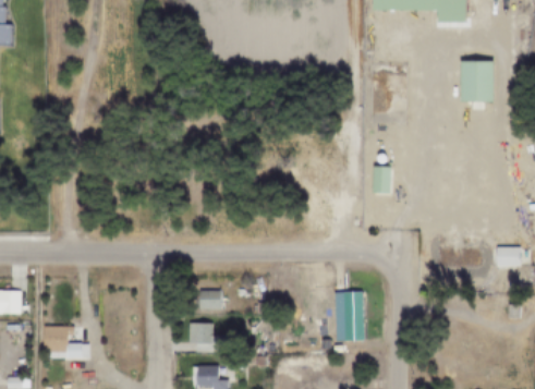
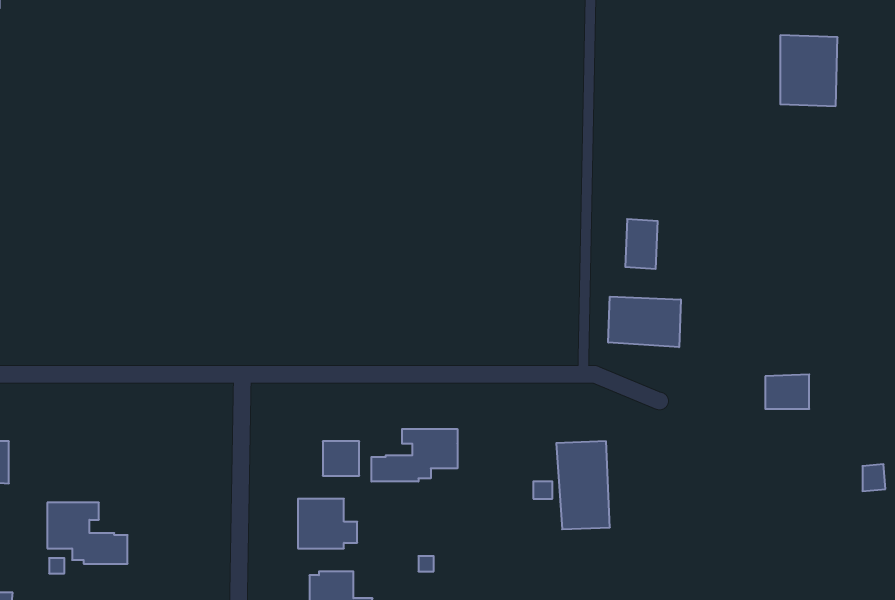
building: none -> [608,297,681,347]
building: [496,245,521,265] -> [765,374,809,409]
building: none -> [371,429,457,482]

